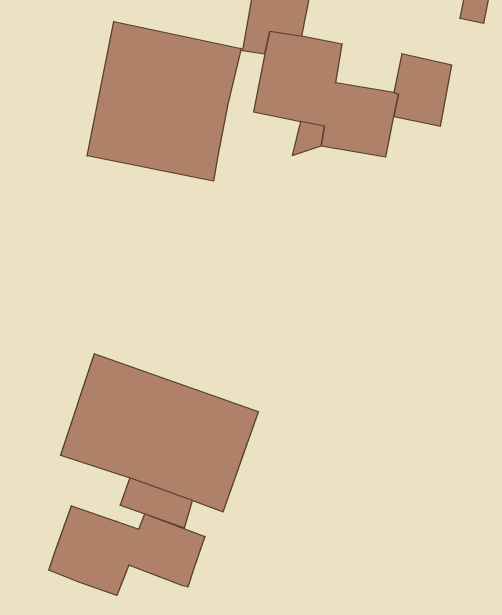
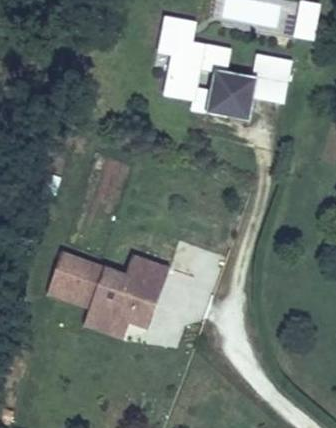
building: [87,21,241,181] -> none
building: [49,506,205,595] -> none

